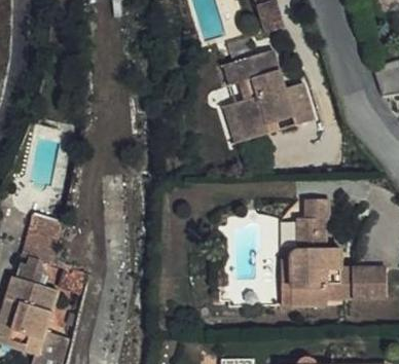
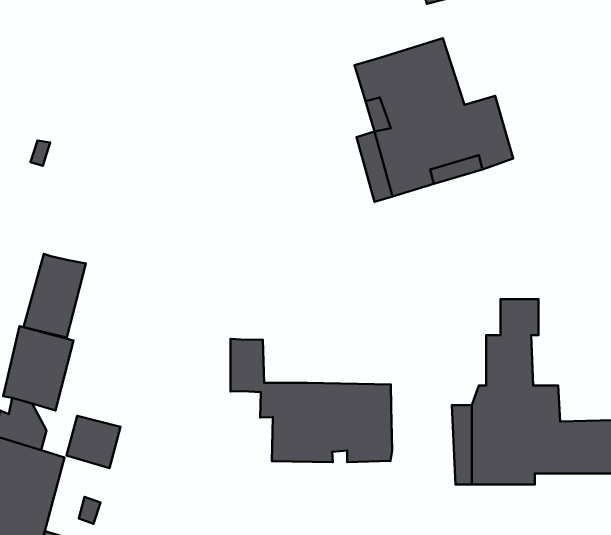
building: none -> [24,254,86,338]
building: none -> [230,339,392,462]

